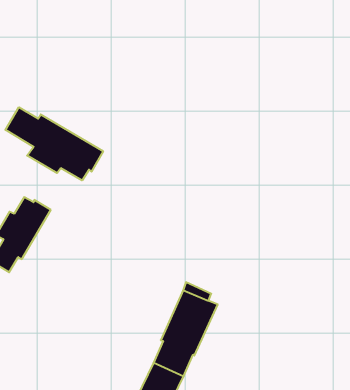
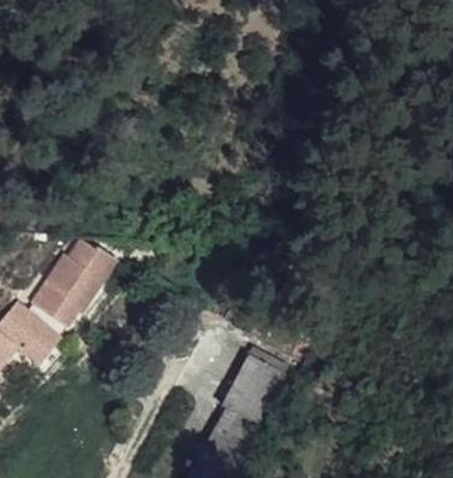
building: [5,107,103,180] -> none

